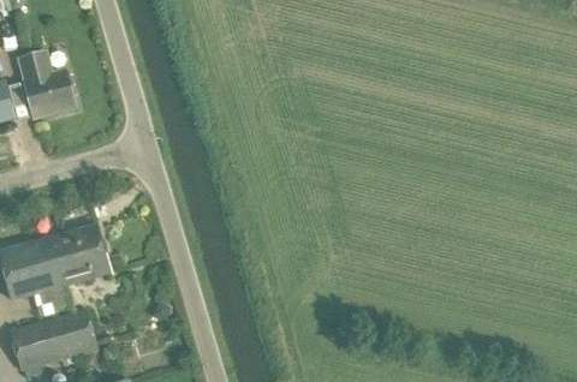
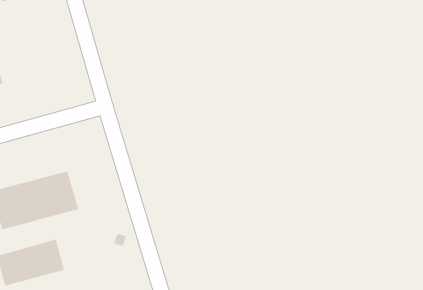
building: [17,50,72,117] -> none

